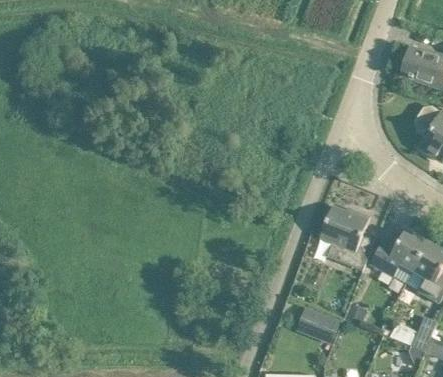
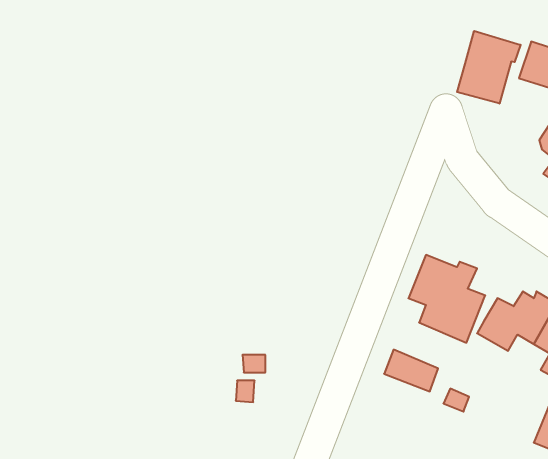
building: none -> [457,31,521,104]
building: [298,306,338,337] -> [384,350,438,391]

